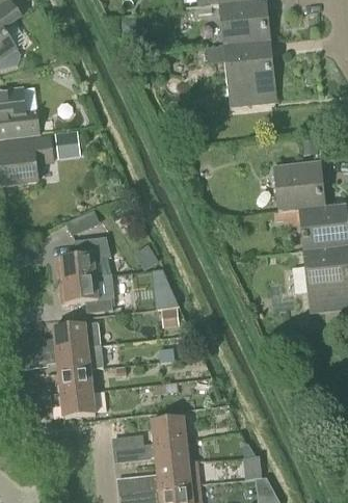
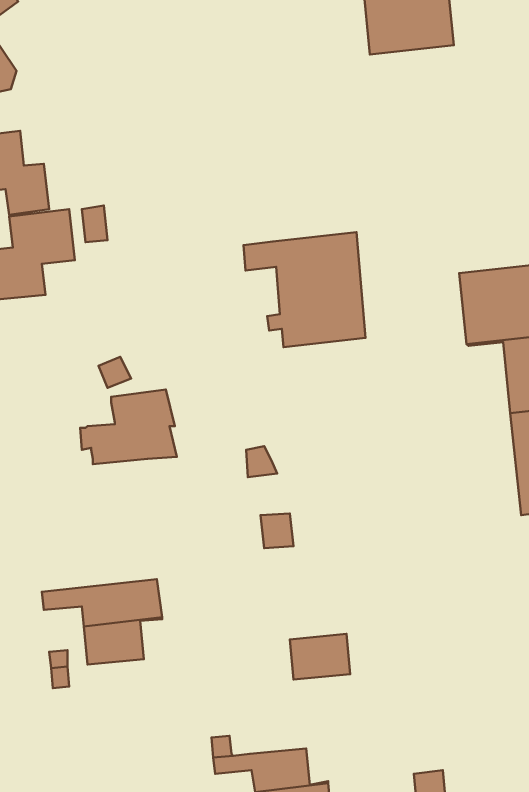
building: [206,39,275,105] -> [244,232,366,347]
building: [60,275,113,312] -> none
building: [34,322,101,351] -> none
building: [61,390,96,418] -> none
building: [152,418,186,444] -> [290,634,350,680]

